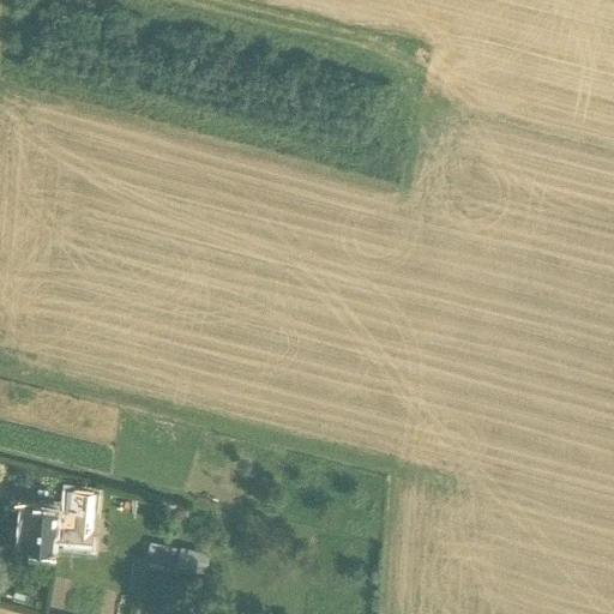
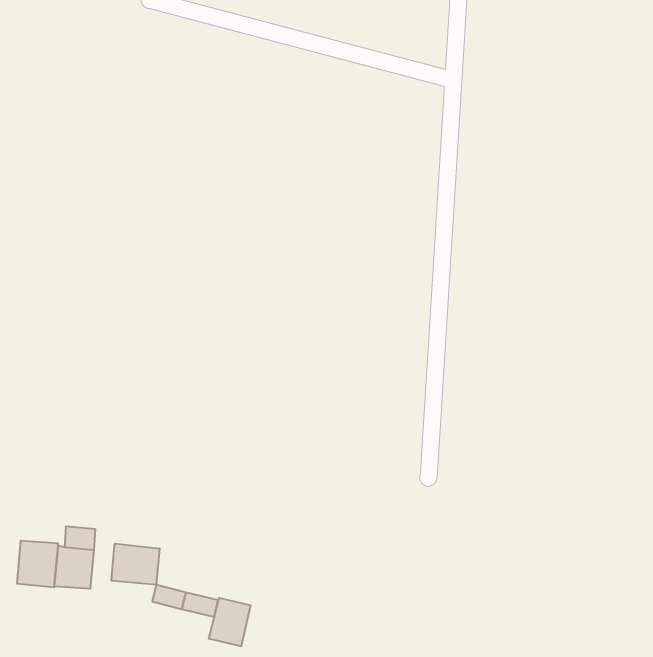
building: none -> [111,543,160,585]
building: none -> [209,598,251,646]

